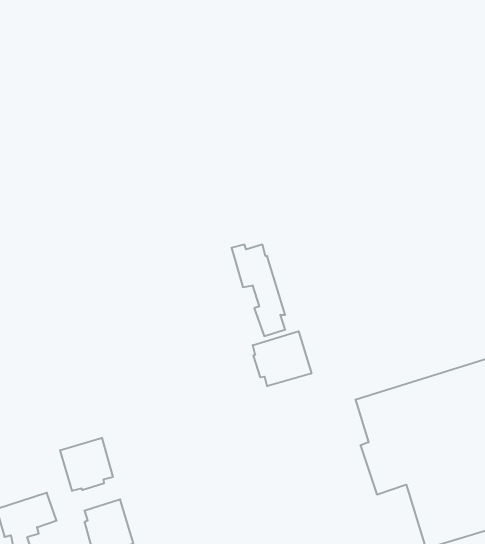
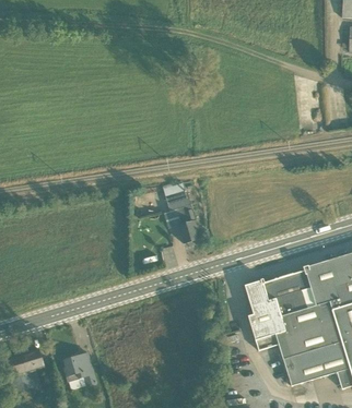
building: [253,331,311,386] -> none
building: [60,438,113,491] -> none

